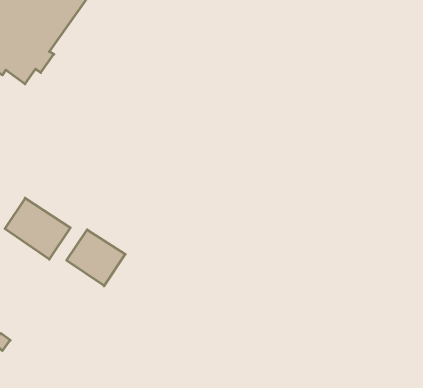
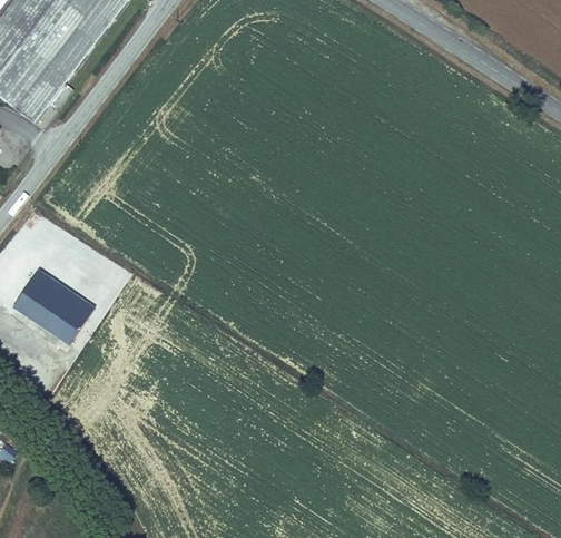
building: [67,230,125,286] -> none

